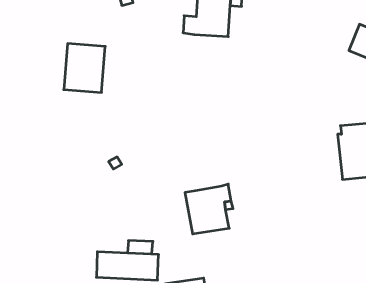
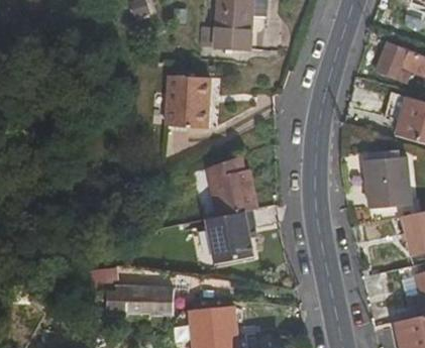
building: [64,44,105,92] -> [166,78,210,130]
building: none -> [205,157,254,218]

